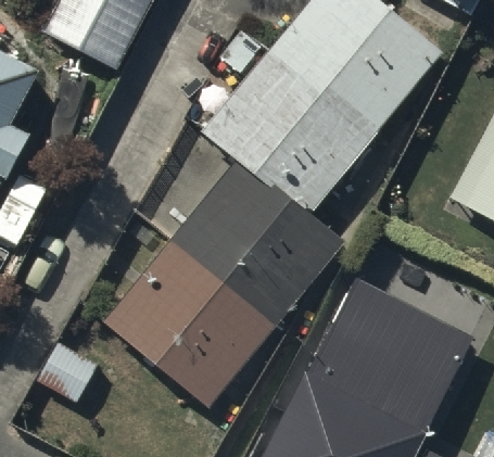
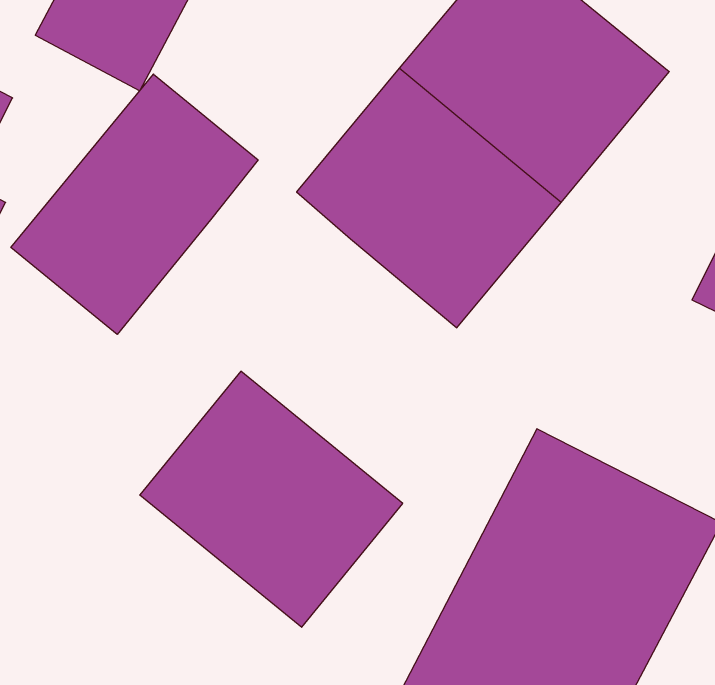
building: none -> [11,74,258,334]
building: [173,160,341,325] -> none

